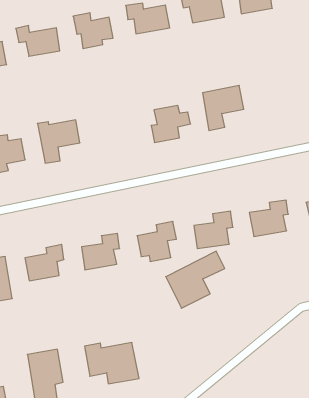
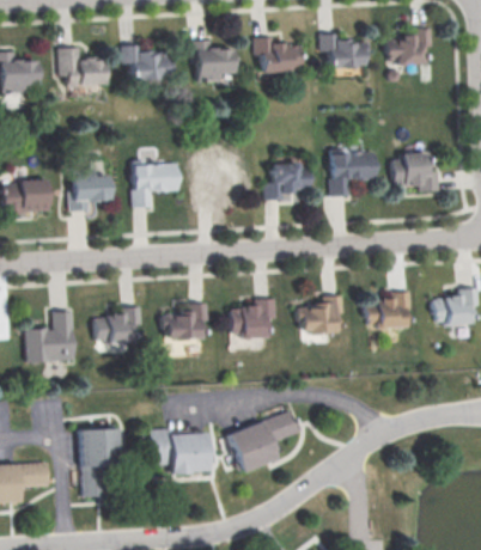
building: none -> [394,154,439,191]
building: [166,251,225,308] -> [227,411,298,472]

